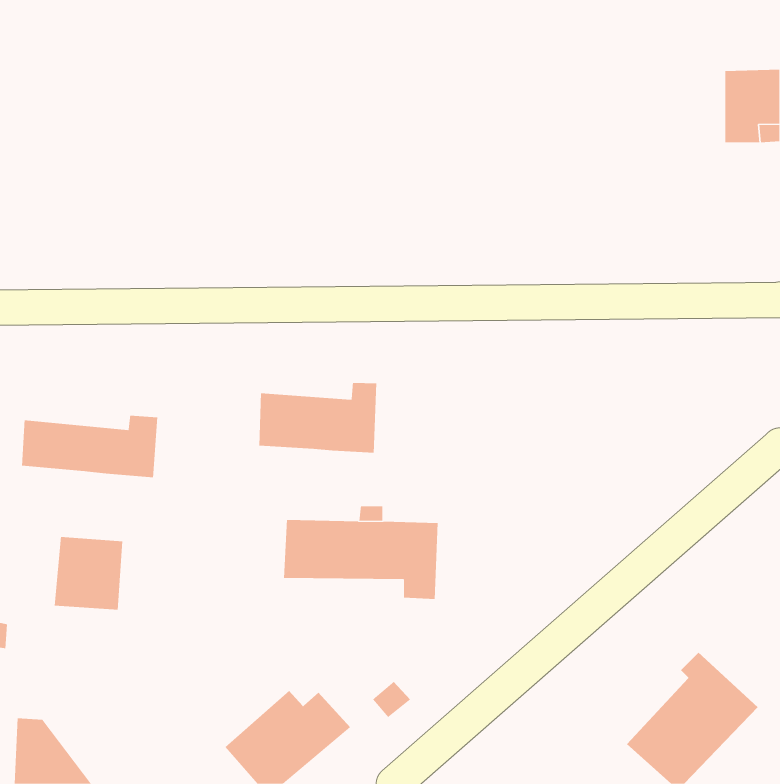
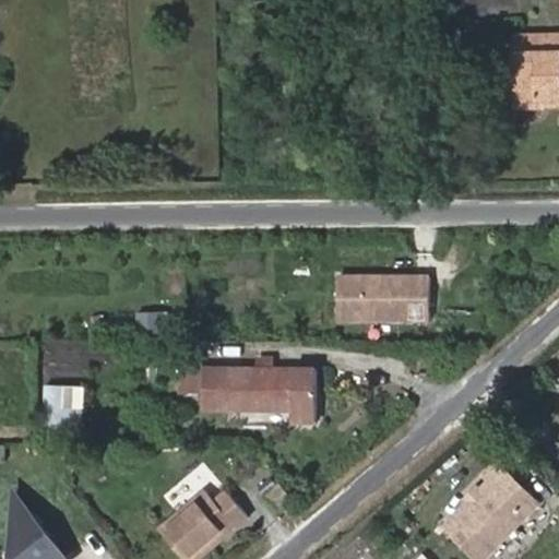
building: [259,382,377,453] -> none
building: none -> [333,275,425,319]
building: [22,415,158,478] -> none

